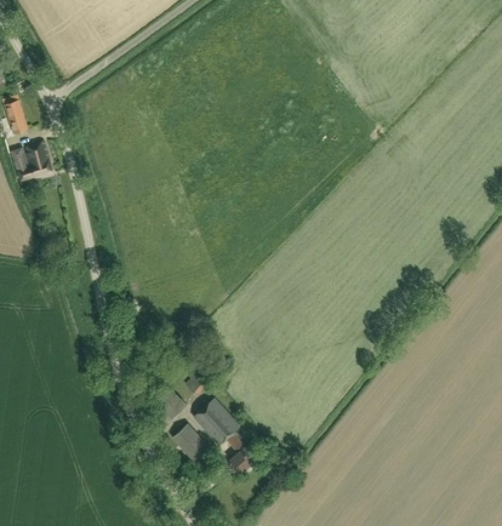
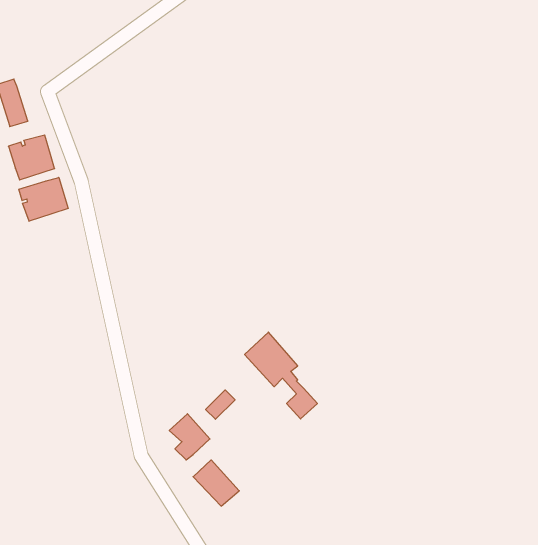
building: none -> [19,177,68,221]
building: [193,398,256,473] -> [245,332,317,419]

